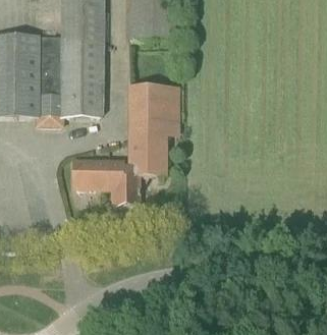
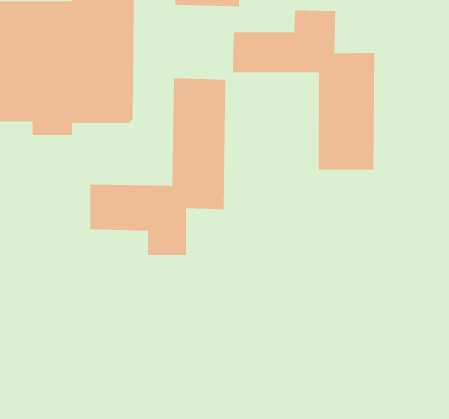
building: none -> [232,10,375,171]

